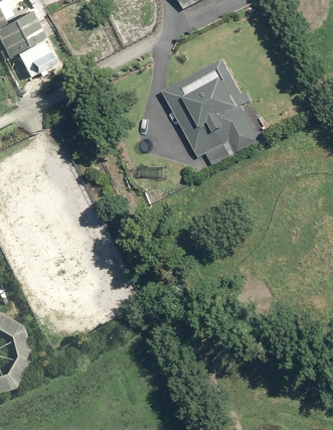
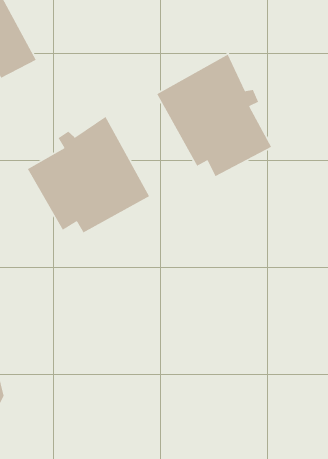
building: none -> [27,116,150,234]

